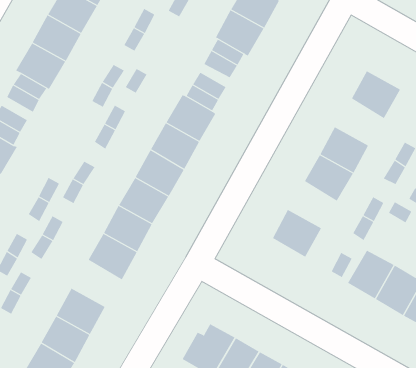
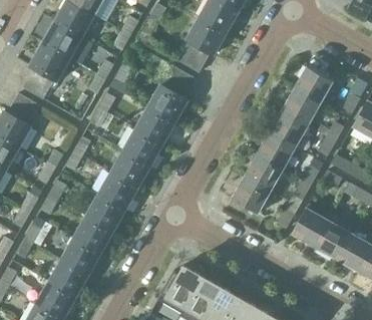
building: none -> [280,88,319,125]
building: none -> [243,153,282,191]
building: none -> [72,216,112,253]

